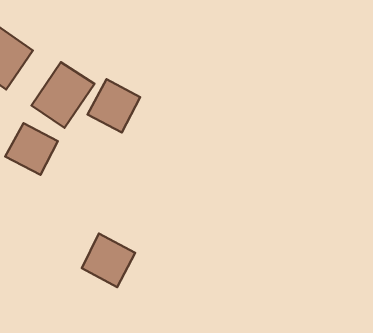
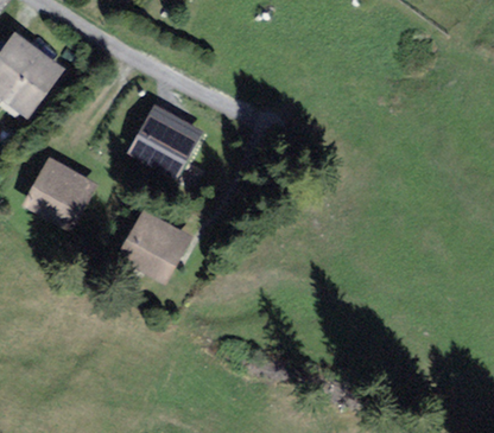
building: [32,62,94,128] -> none
building: [82,234,135,287] -> [122,210,189,276]

